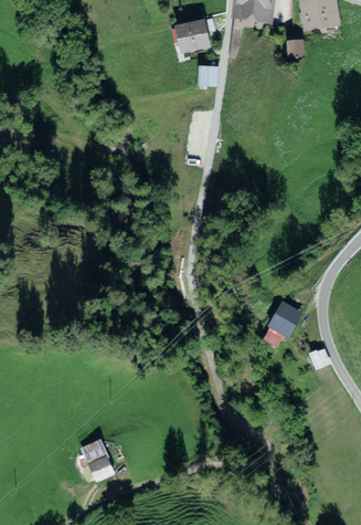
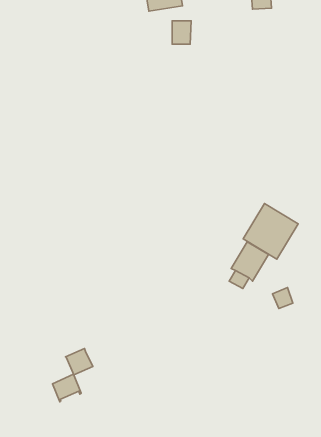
building: none -> [243,204,298,259]
building: [85,454,114,482] -> [65,348,93,375]

